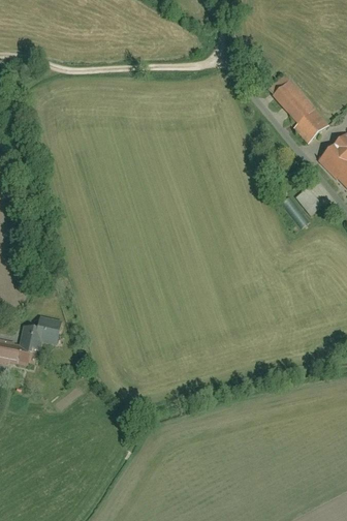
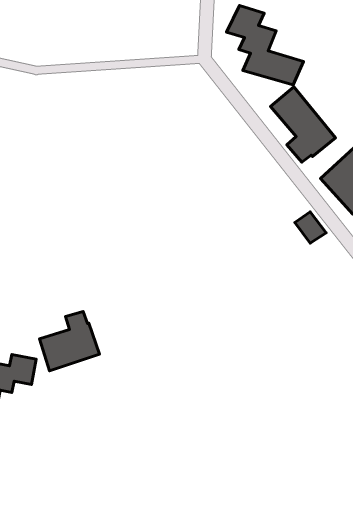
building: none -> [227,6,304,85]
building: none -> [39,312,99,371]

